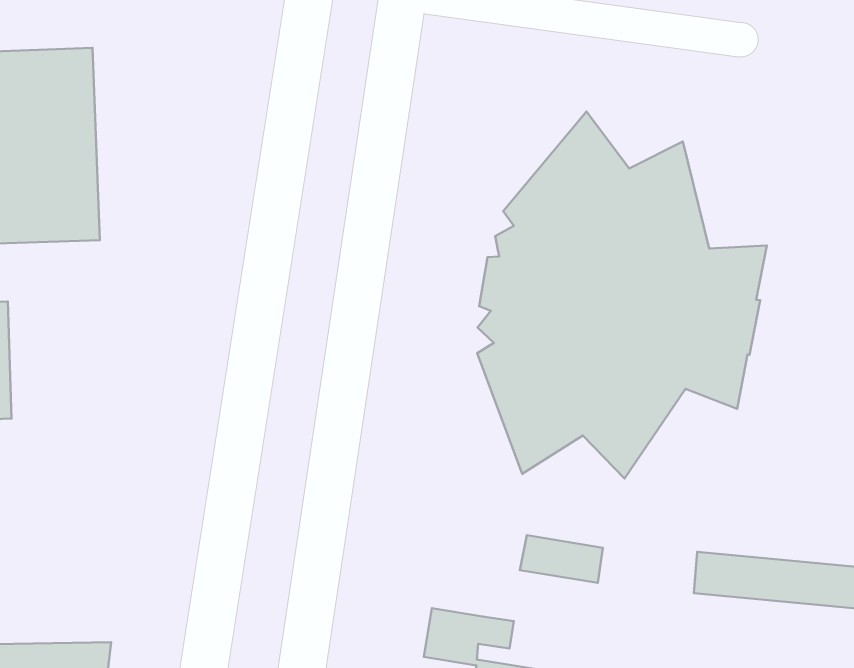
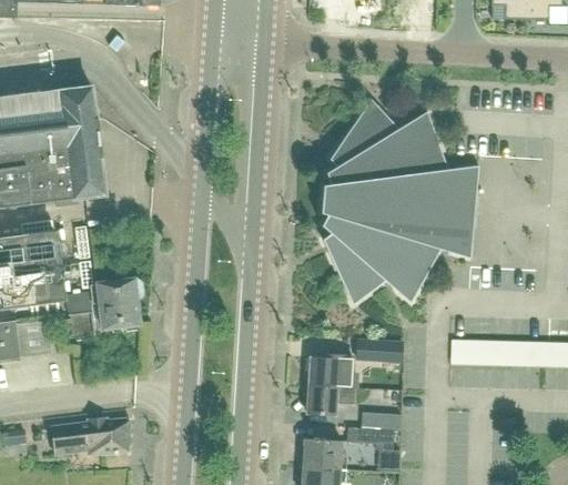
building: none -> [69,276,143,337]
building: none -> [308,353,356,387]

